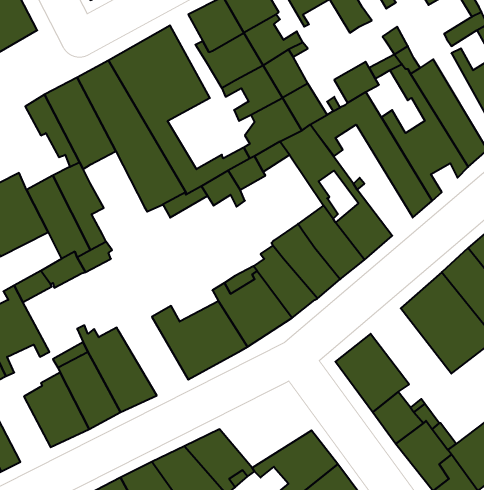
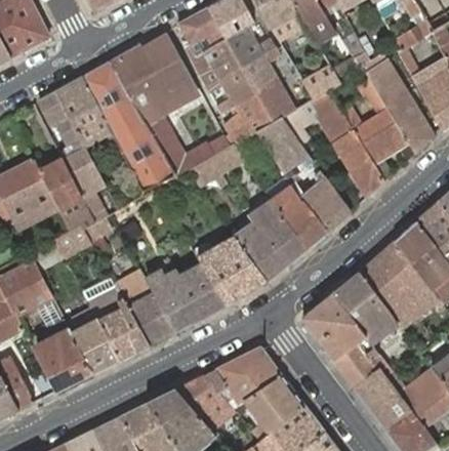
building: none -> [116,271,177,346]
building: none -> [332,273,398,344]
building: none -> [204,346,282,408]

